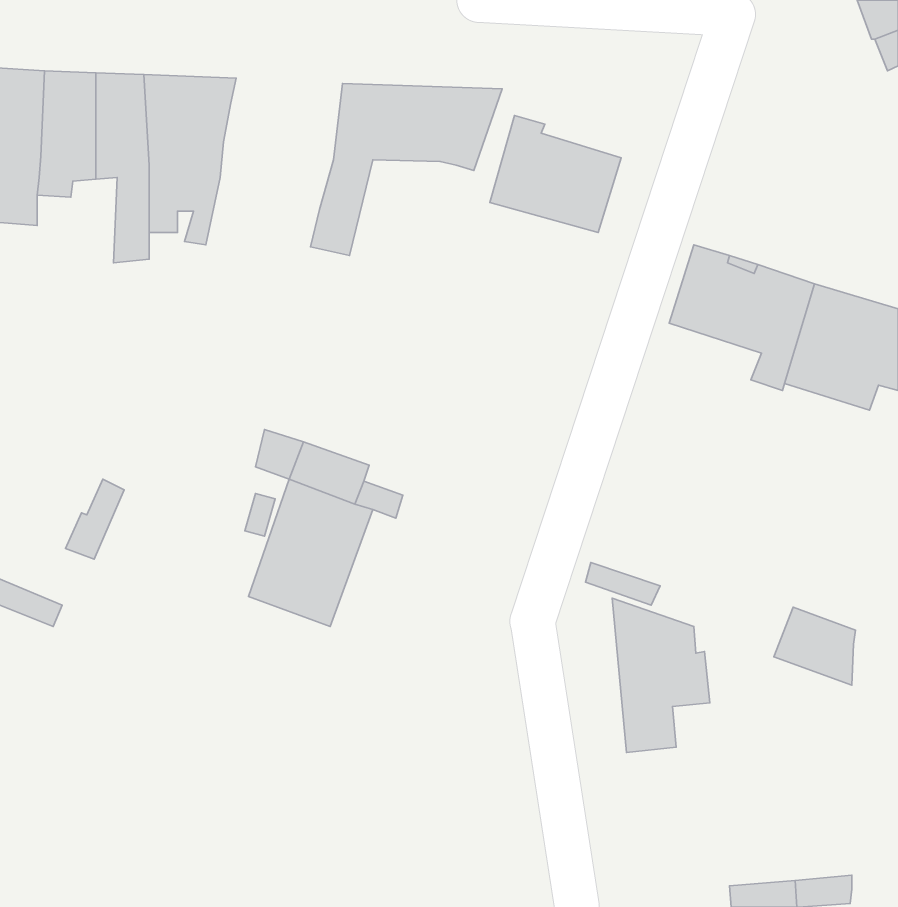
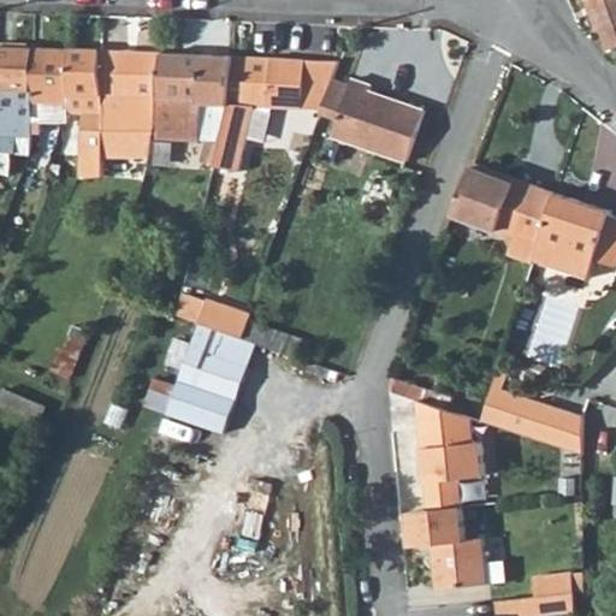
building: none -> [146,53,232,142]
building: none -> [480,360,538,445]
building: none -> [404,507,484,588]

